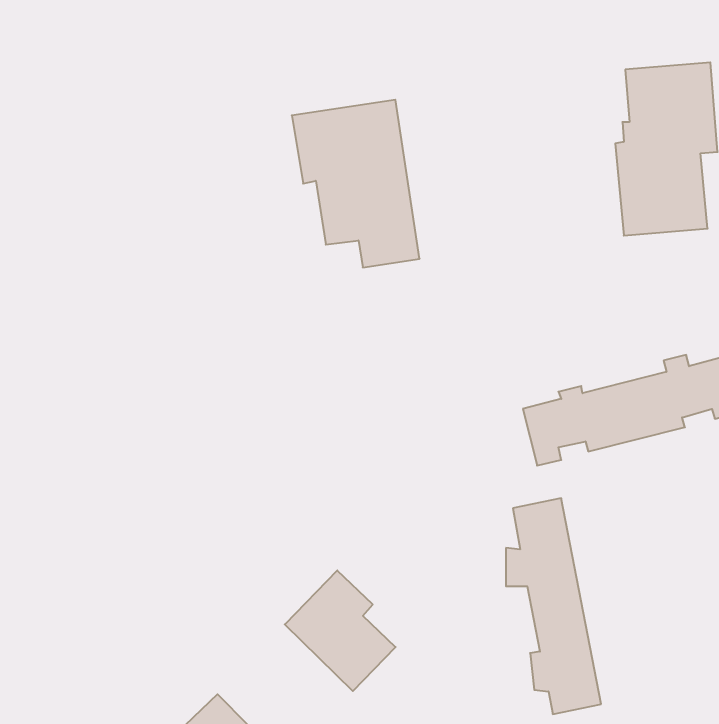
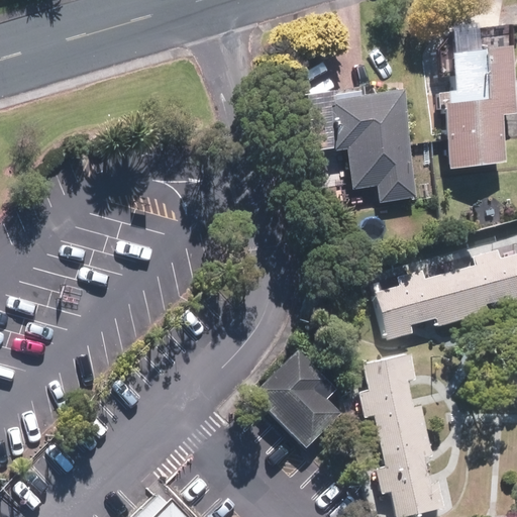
building: [292,100,420,267] -> [329,89,420,208]
building: [285,570,396,691] -> [263,354,341,440]

